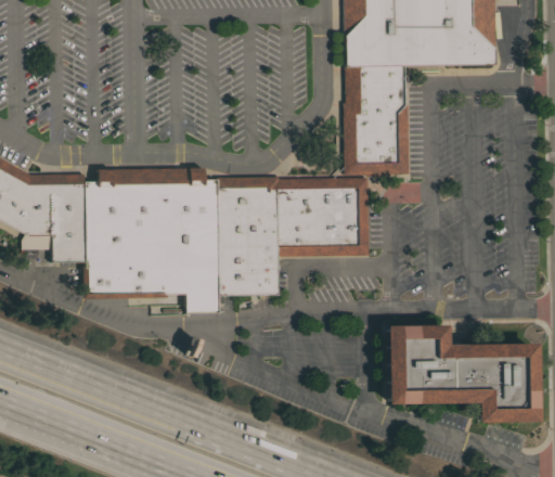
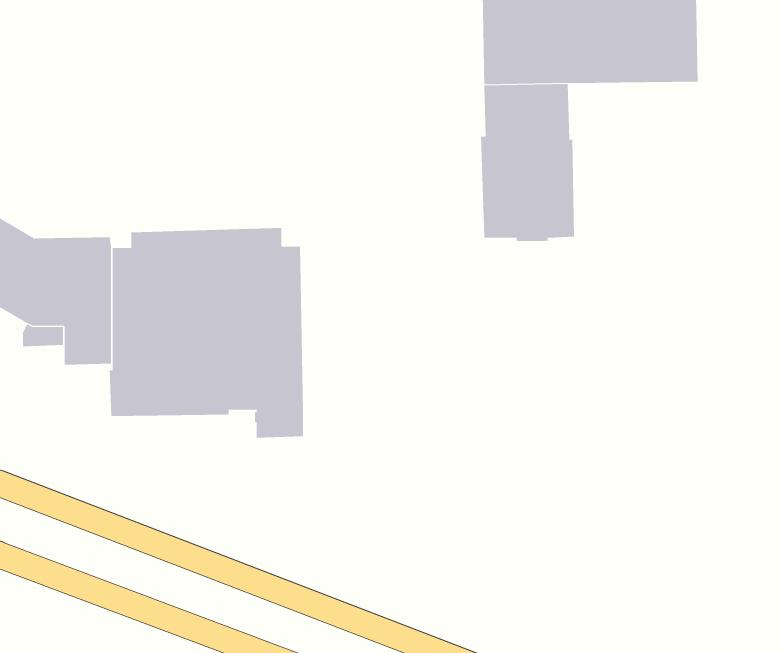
building: [217,176,369,295] -> none
building: [384,324,535,422] -> none

